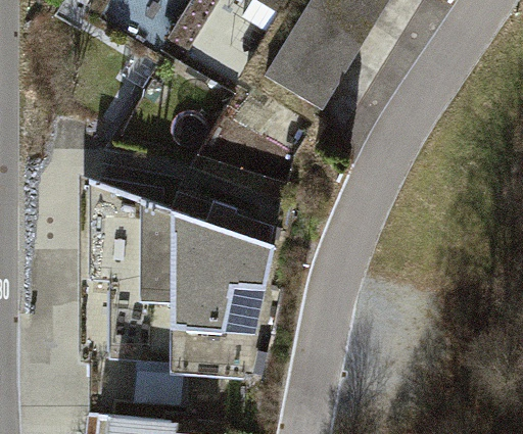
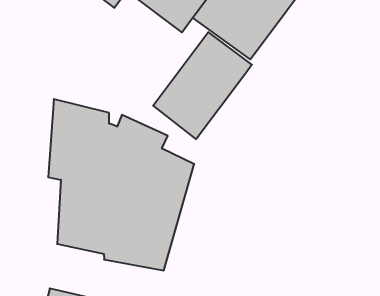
building: none -> [153,32,252,139]

